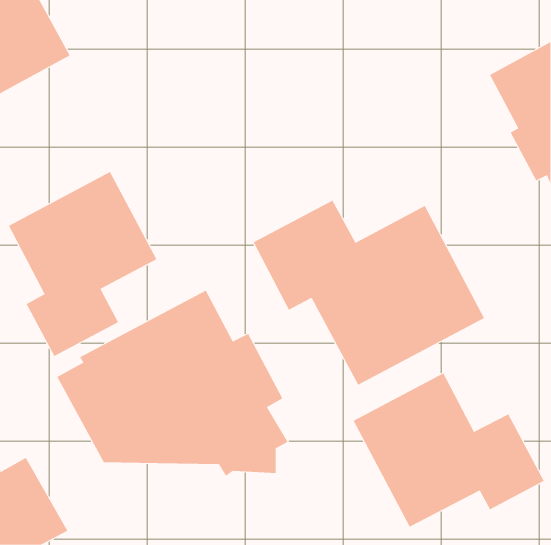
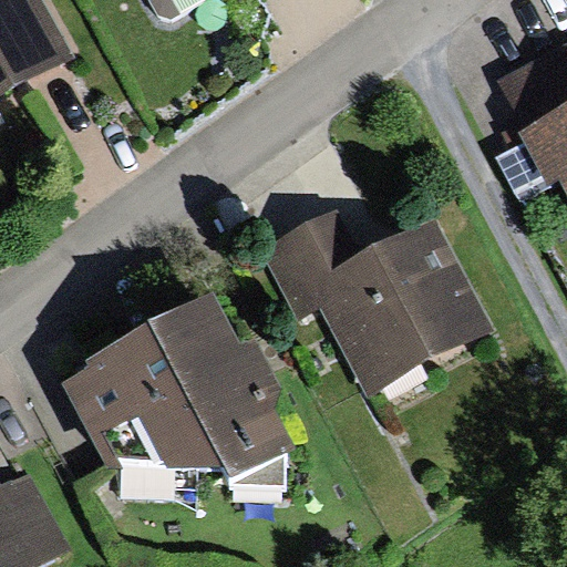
building: [8,171,157,357] -> none
building: [353,373,544,528] -> none

